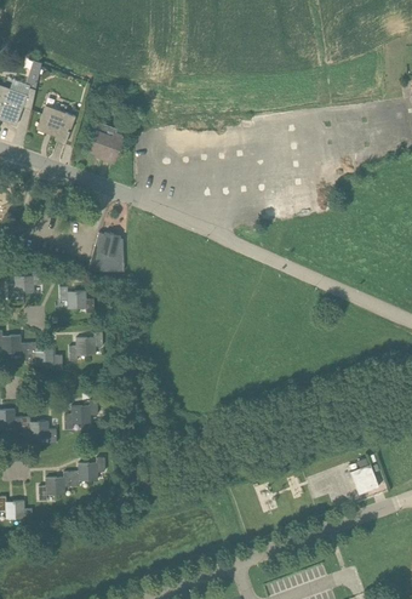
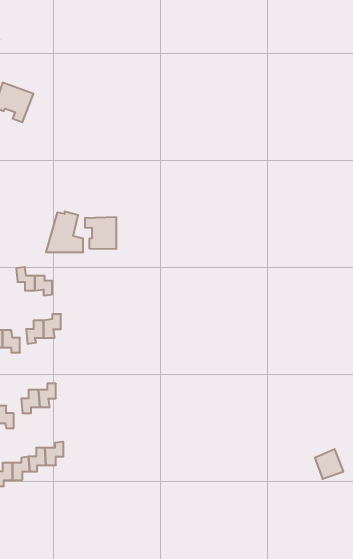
building: [86,129,124,162] -> none
building: none -> [85,217,116,249]

